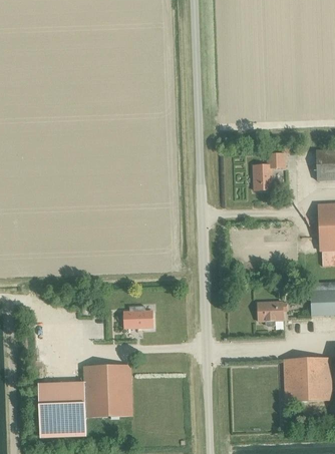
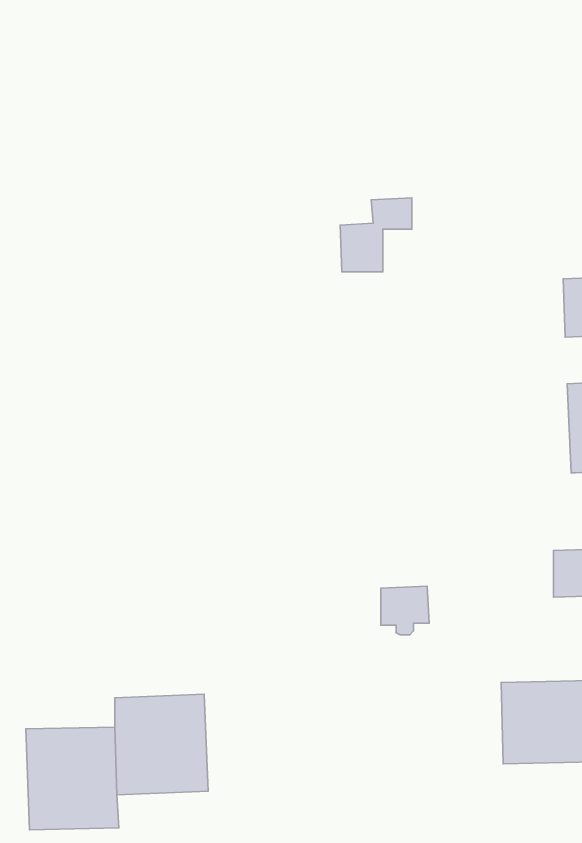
building: [253,151,290,189] -> [340,198,412,272]
building: [258,301,283,326] -> [381,586,429,635]
building: [123,310,153,328] -> none

